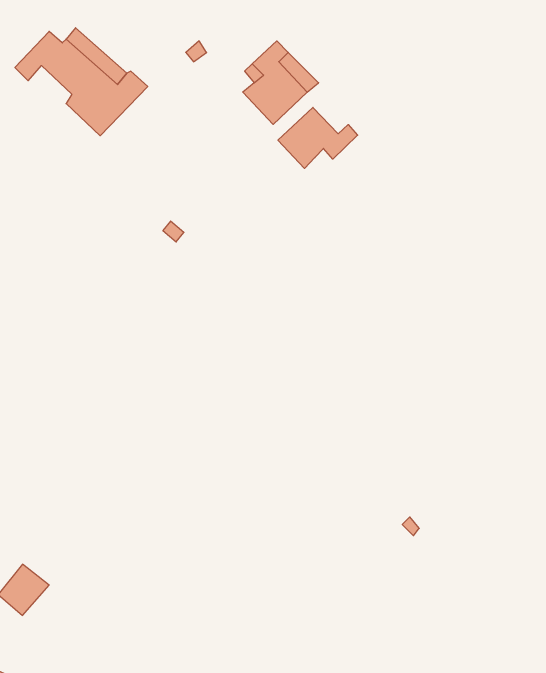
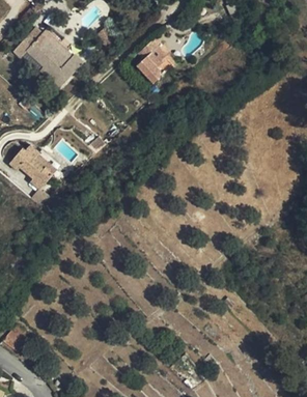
building: [278,107,358,168] -> none
building: none -> [9,145,53,189]

